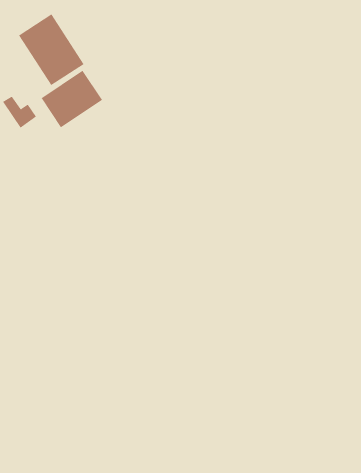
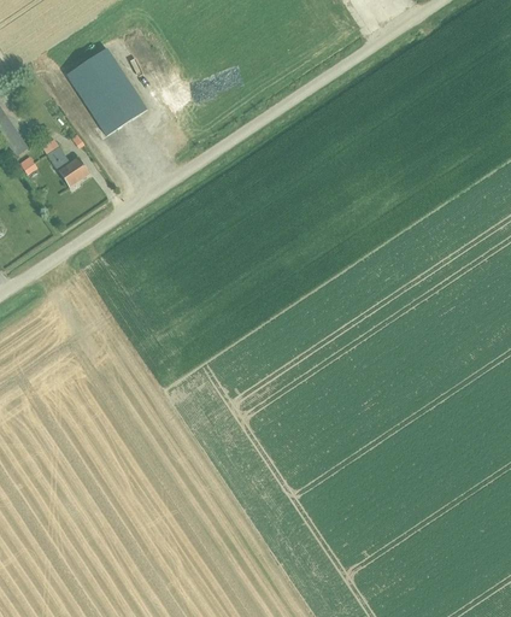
building: [41,70,103,128] -> none

